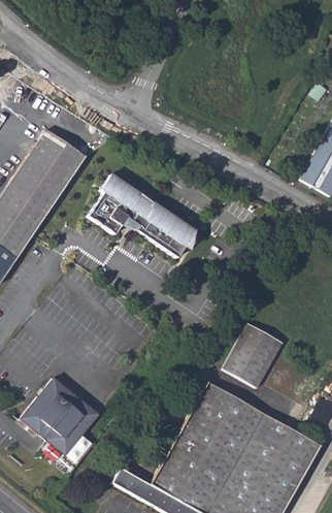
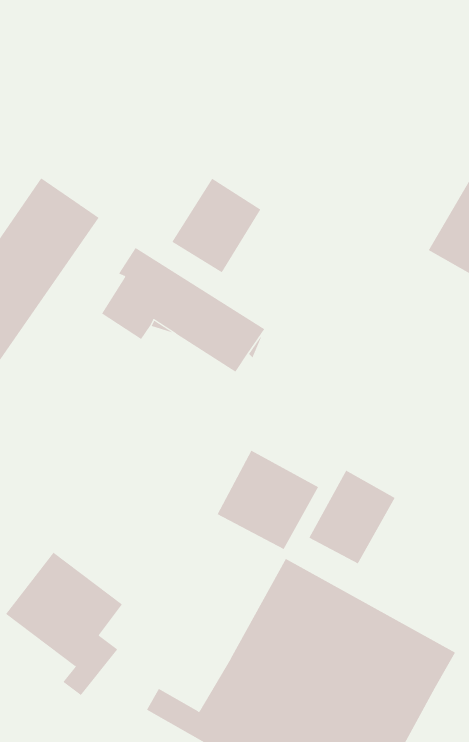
building: none -> [172,178,261,273]
building: none -> [217,450,319,550]

